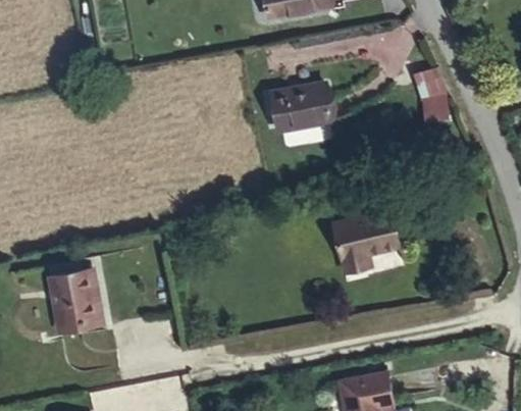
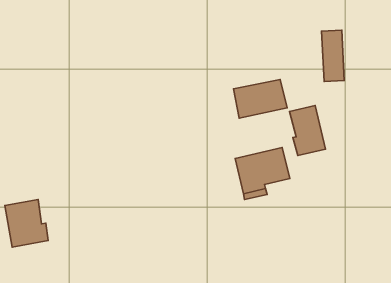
building: [275,80,341,126] -> [233,79,287,118]
building: none -> [289,105,326,156]

